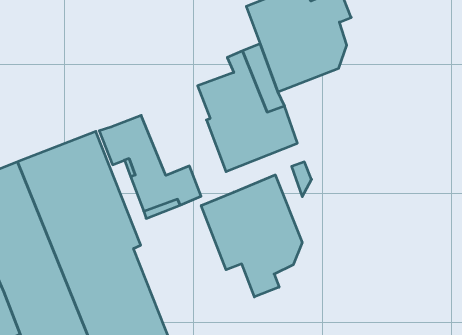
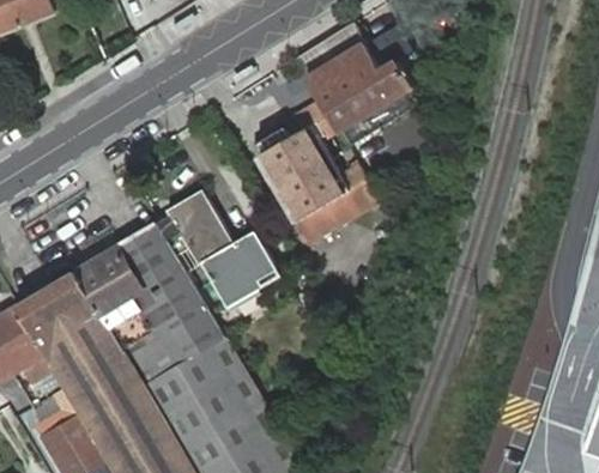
building: none -> [165,188,262,260]
building: [201,175,302,297] -> none

